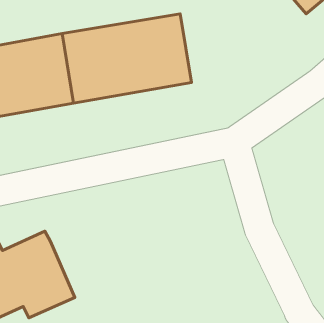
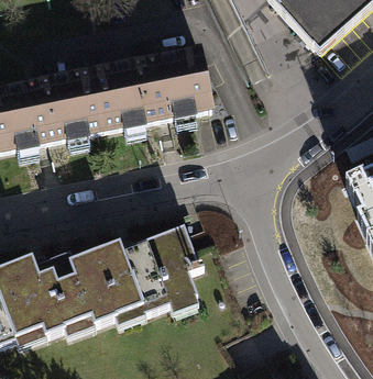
building: none -> [74,234,199,327]

